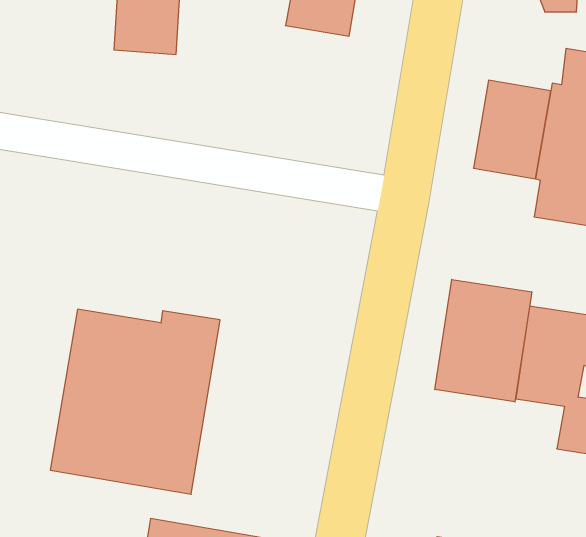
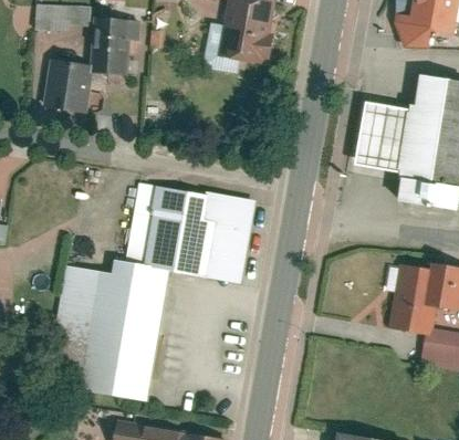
building: none -> [44,62,91,115]
building: none -> [127,182,257,284]
building: [435,279,532,402] -> none

